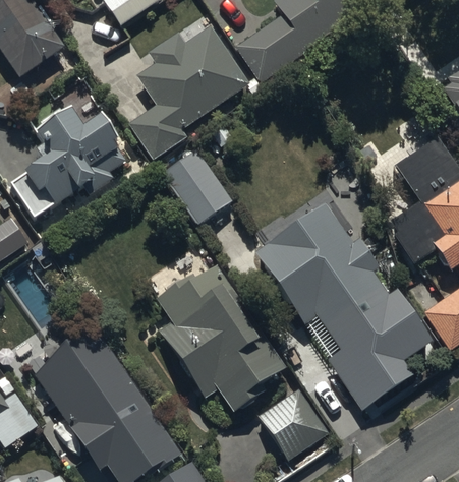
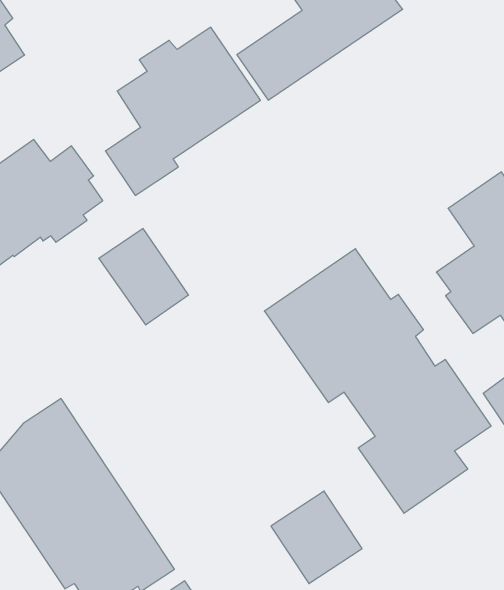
building: [161,145,231,221] -> [99,228,189,325]
building: [158,267,287,415] -> none

